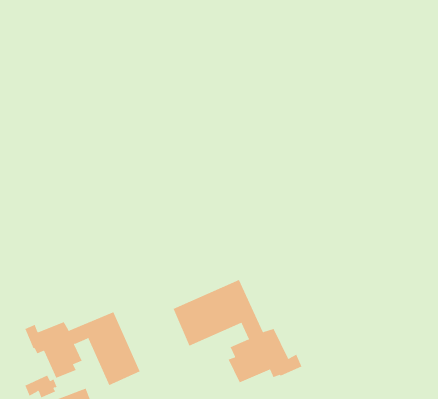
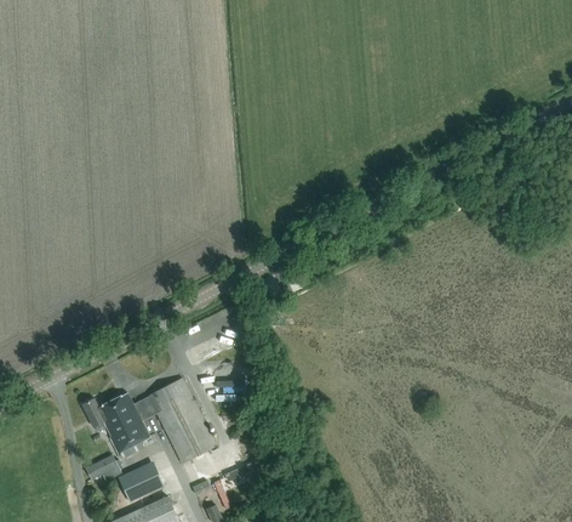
building: [173,279,302,383] -> none

